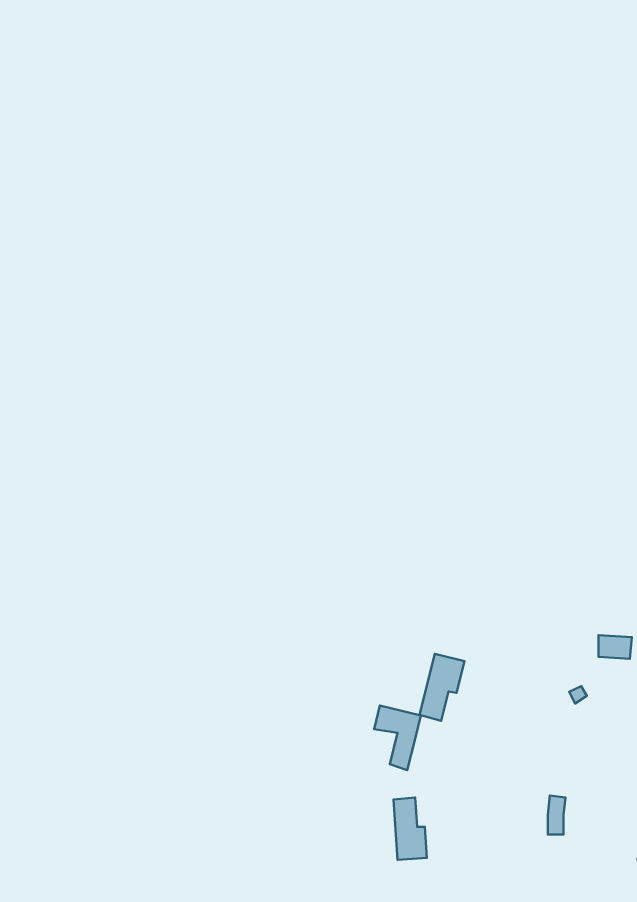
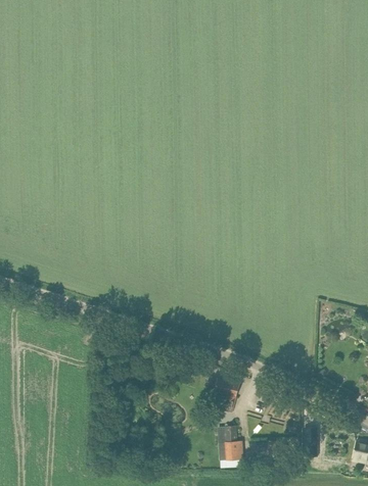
building: [420,654,464,721] -> none

